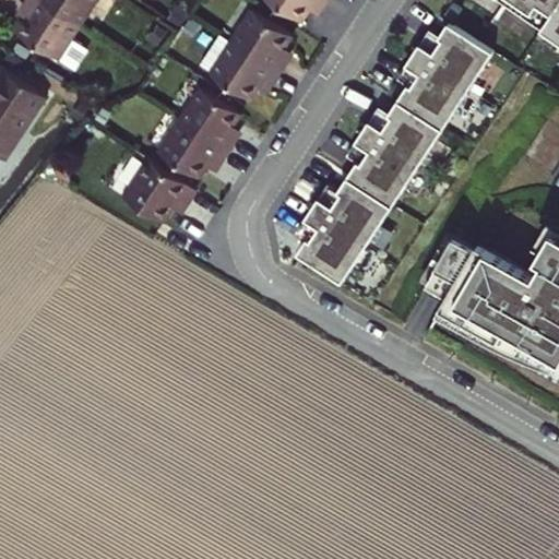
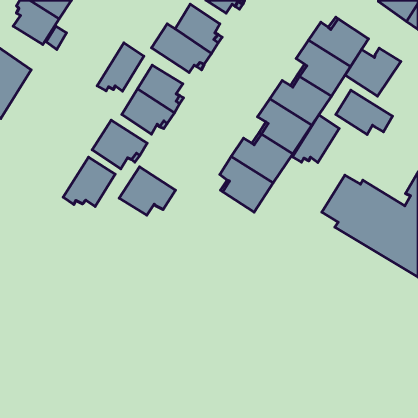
building: none -> [97,43,144,91]
building: none -> [345,48,401,96]
building: none -> [336,90,392,135]
building: none -> [292,115,339,163]
building: none -> [63,157,115,207]
building: none -> [119,167,175,215]

